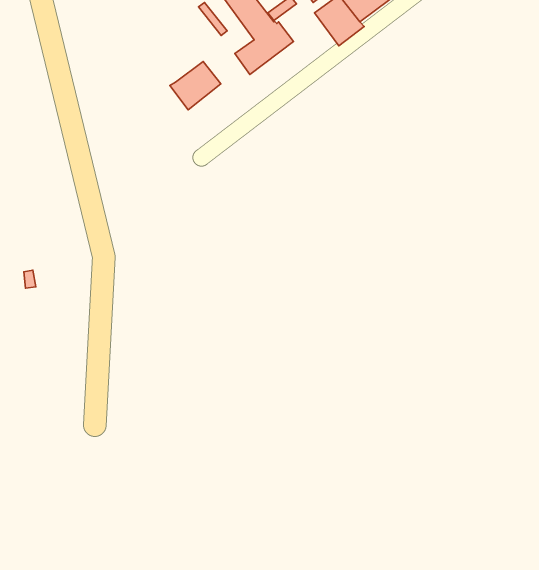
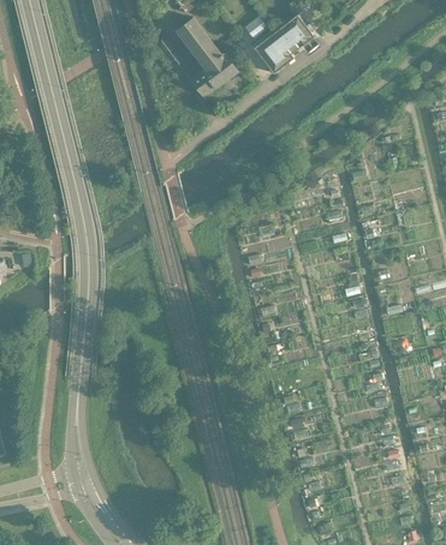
building: [170,61,221,110] -> none

